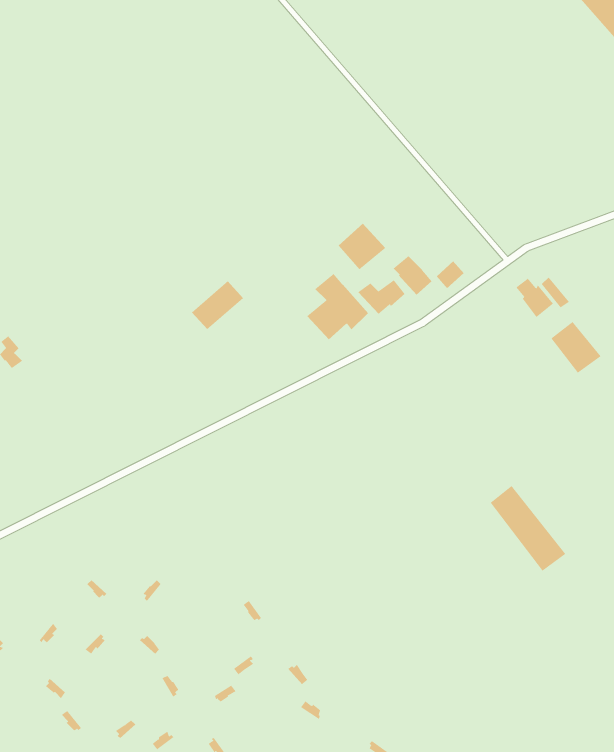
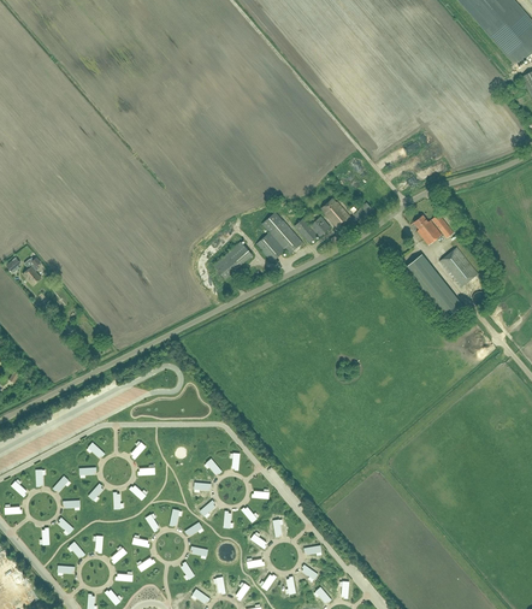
building: [338,223,386,270] -> none
building: [191,281,244,330] -> [213,241,253,278]
building: [490,485,566,571] -> [404,253,462,318]

